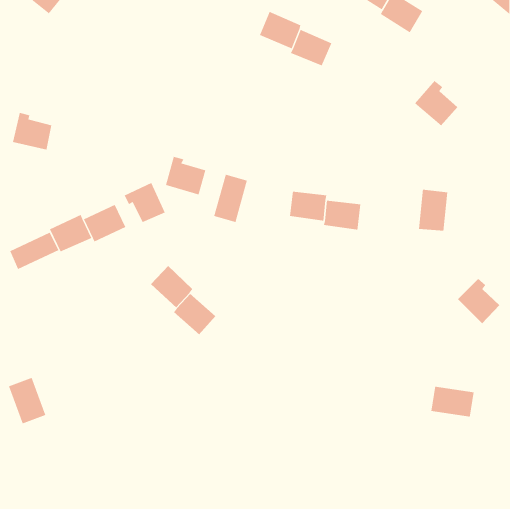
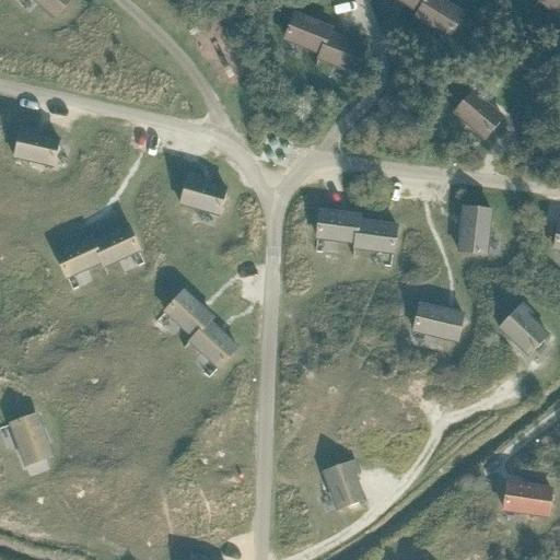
building: [214,174,248,223] -> none
building: [124,182,166,223] -> none
building: [10,232,59,270] -> none
building: none -> [413,303,463,341]
building: [431,386,475,417] -> [502,481,550,515]
building: none -> [323,459,363,508]

